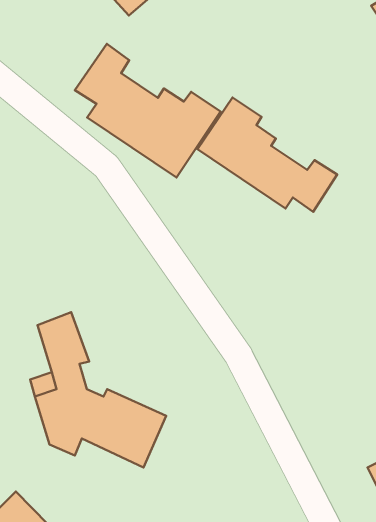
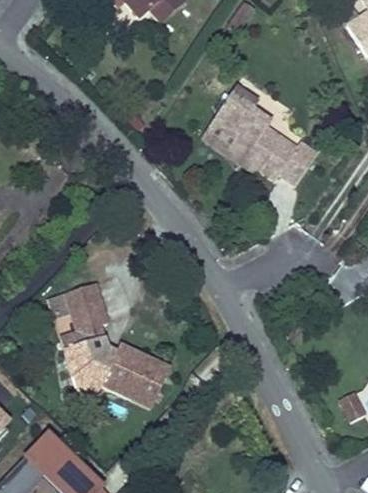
building: [75,44,221,177] -> none

